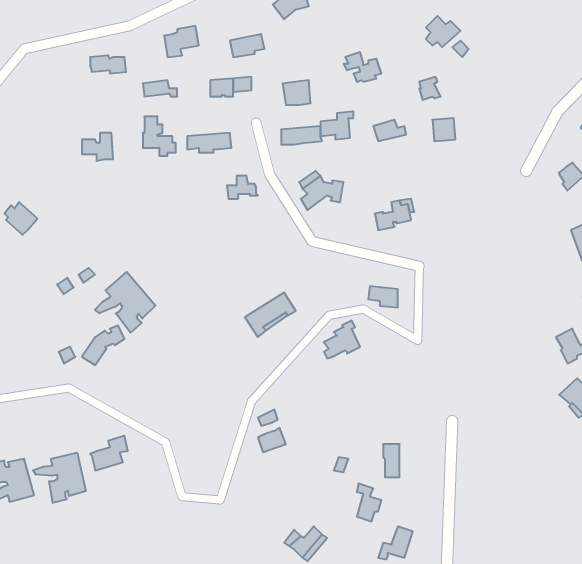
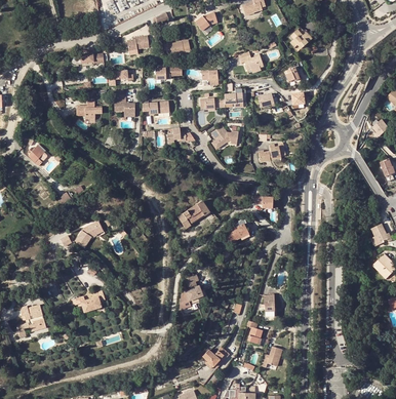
building: [95,272,156,333] -> none
building: [33,453,86,503] -> none

